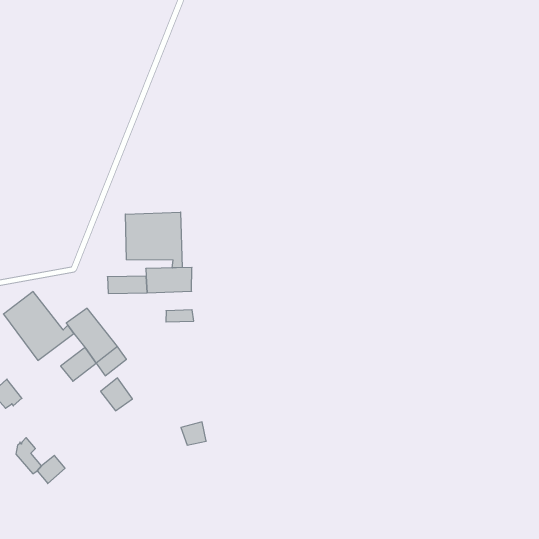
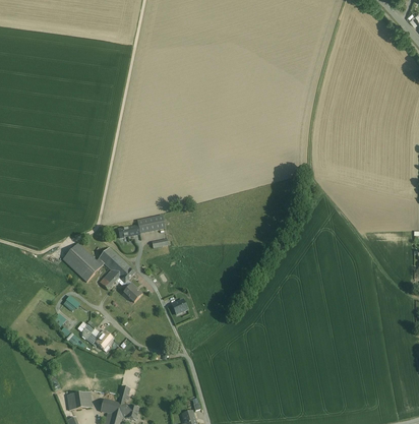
building: [125,212,182,268] -> none

